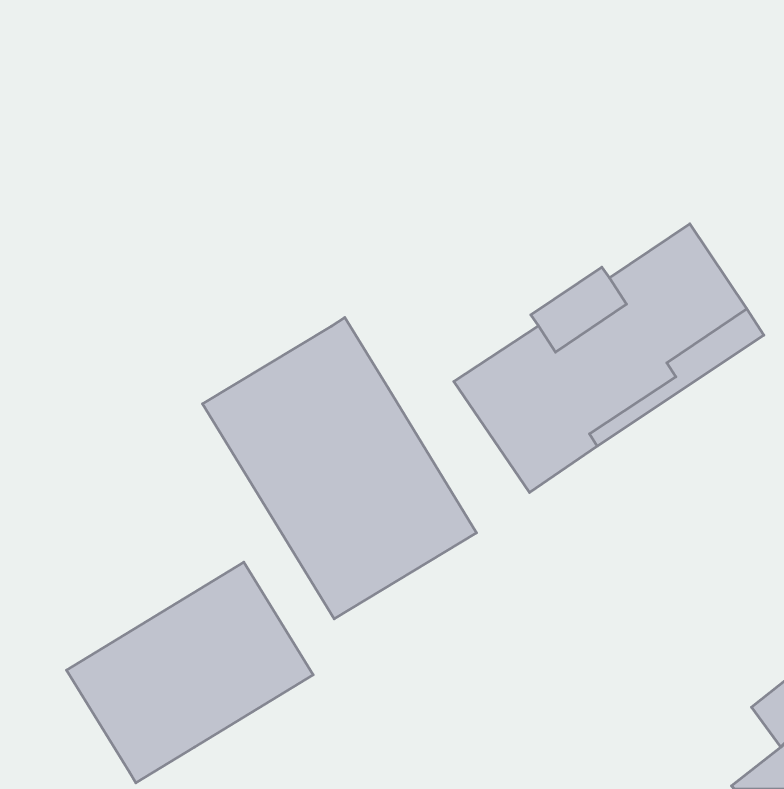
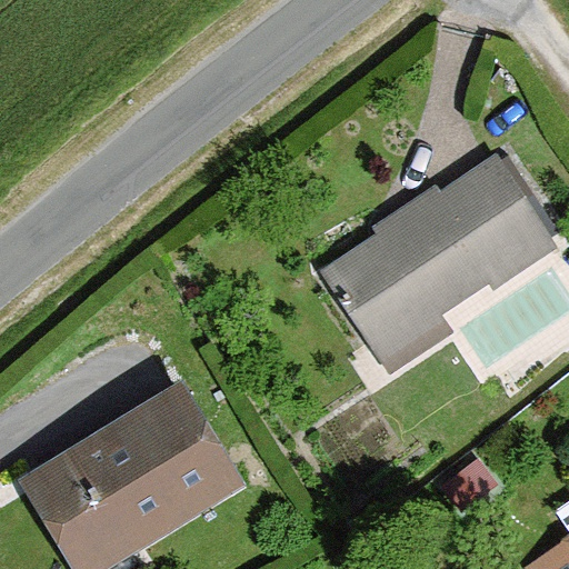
building: [202,318,476,619] -> none

